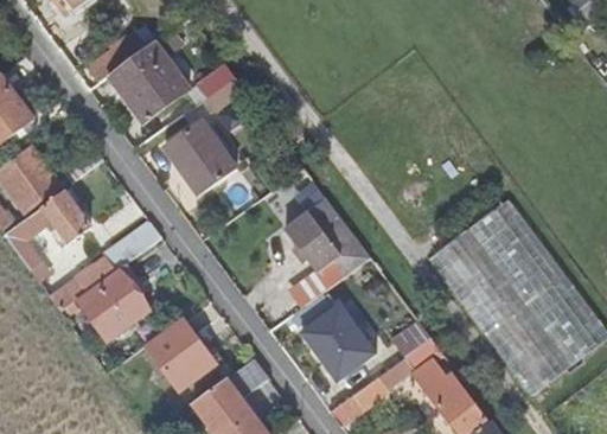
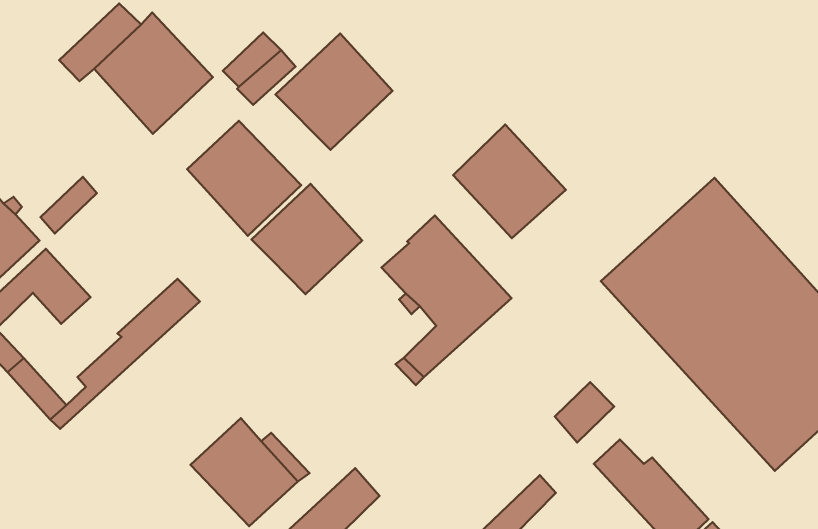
building: none -> [276,34,393,150]
building: none -> [453,125,566,238]
building: none -> [252,184,362,294]
building: [78,267,148,340] -> none
building: [301,305,373,381] -> none

